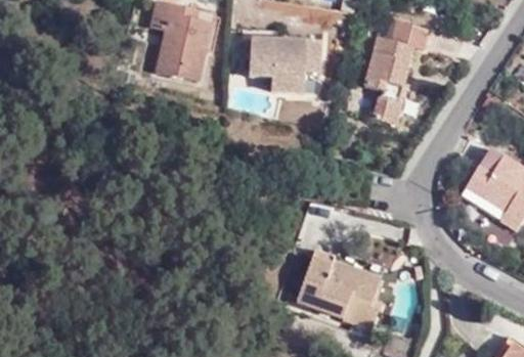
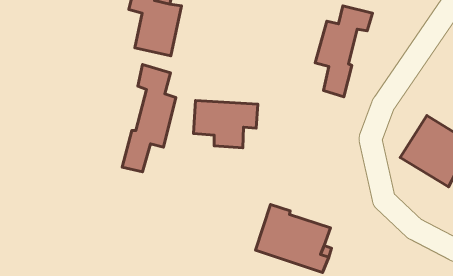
building: [248,38,321,92] -> [194,101,258,148]
building: none -> [122,65,176,172]

